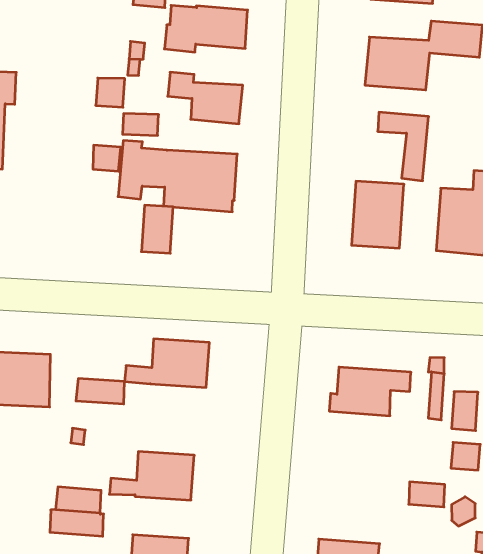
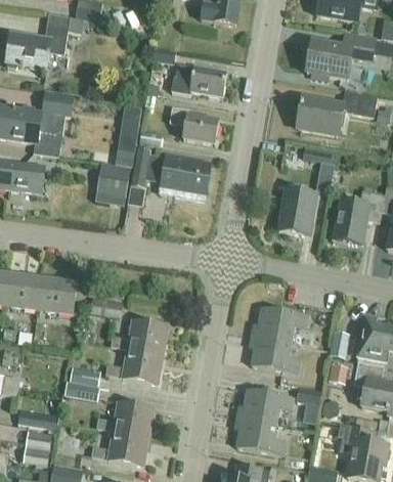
building: [141,205,173,253] -> [106,163,130,195]
building: [125,339,209,387] -> [111,319,168,354]
building: none -> [251,335,300,373]
building: none -> [237,389,294,424]

